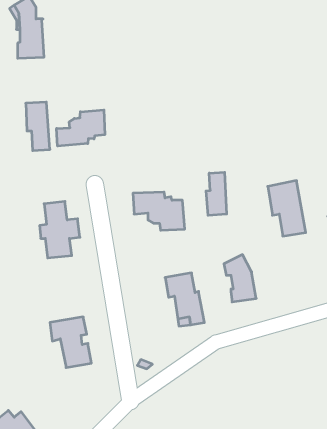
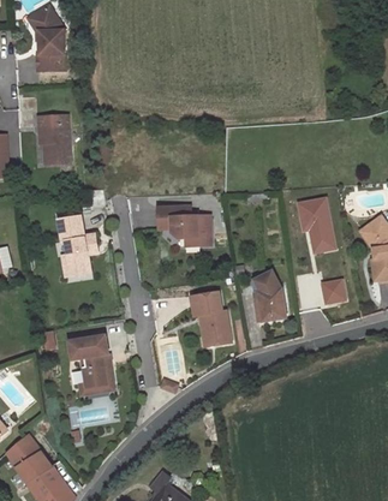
building: [57,110,105,146] -> none
building: [206,172,227,215] -> none
building: none -> [321,278,347,304]

